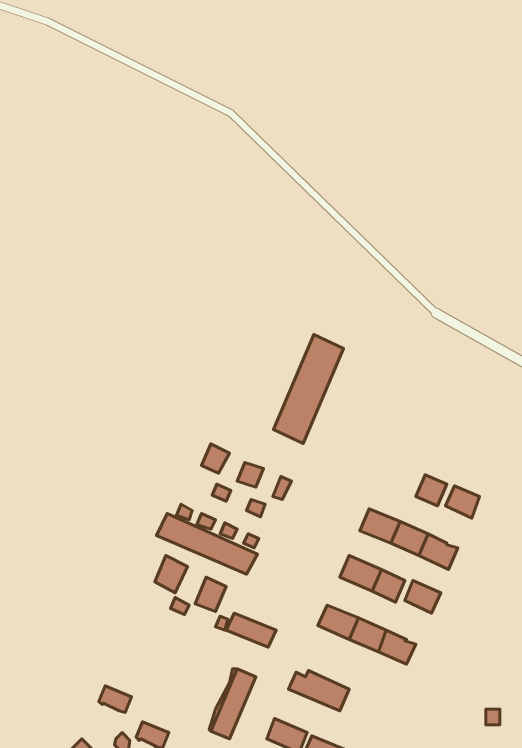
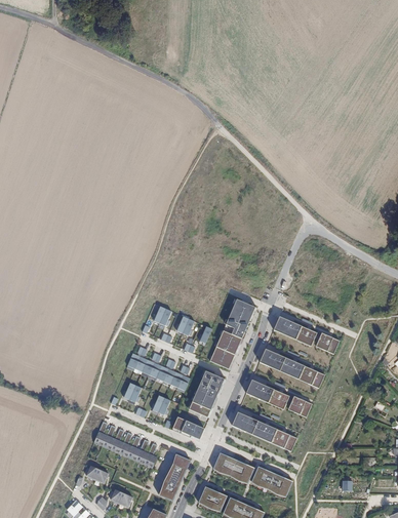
building: [273,335,343,443] -> [209,297,255,369]
building: none -> [273,316,302,340]
building: none -> [189,369,225,416]
building: none -> [92,421,157,465]
building: none -> [249,468,290,494]

